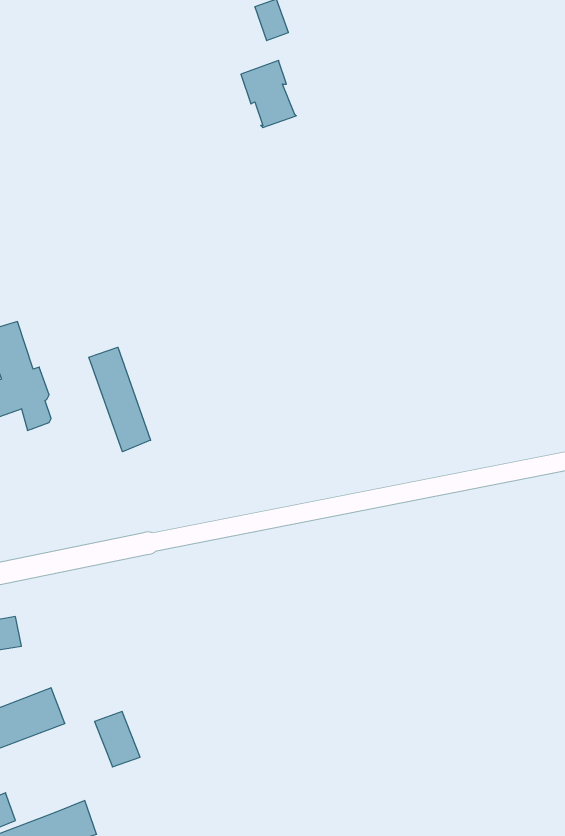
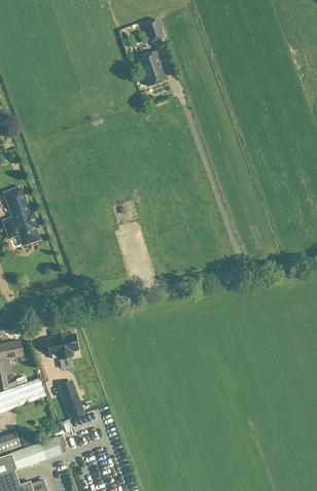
building: [89,347,151,452] -> none
building: none -> [46,335,77,360]

